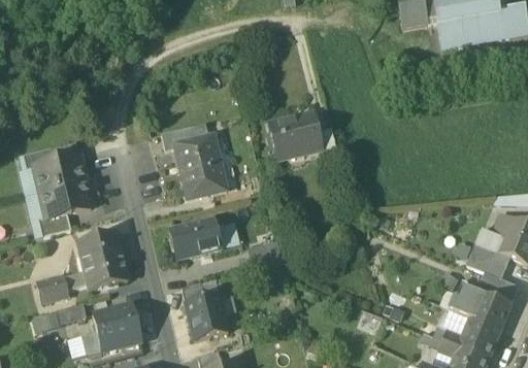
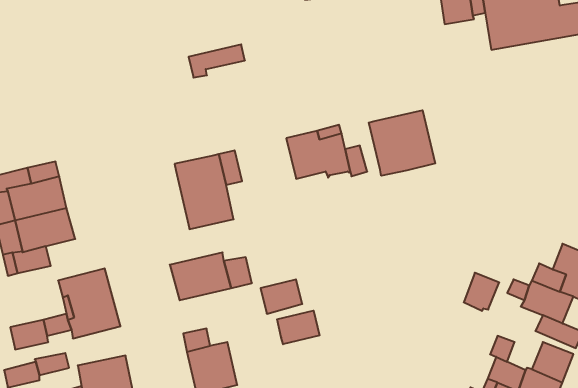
building: none -> [369,110,435,176]
building: [161,124,208,152] -> [189,44,245,78]
building: none -> [277,311,320,344]
building: [455,286,485,317] -> [464,273,499,311]

